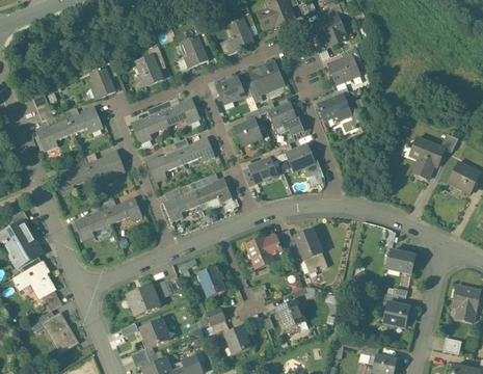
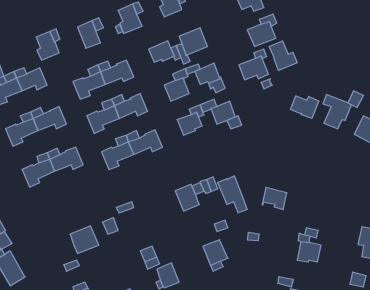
building: none -> [269,41,297,71]
building: none -> [291,96,319,118]
building: [386,249,414,274] -> [262,187,287,210]
building: [198,267,224,297] -> none
building: [140,319,169,348] -> none

